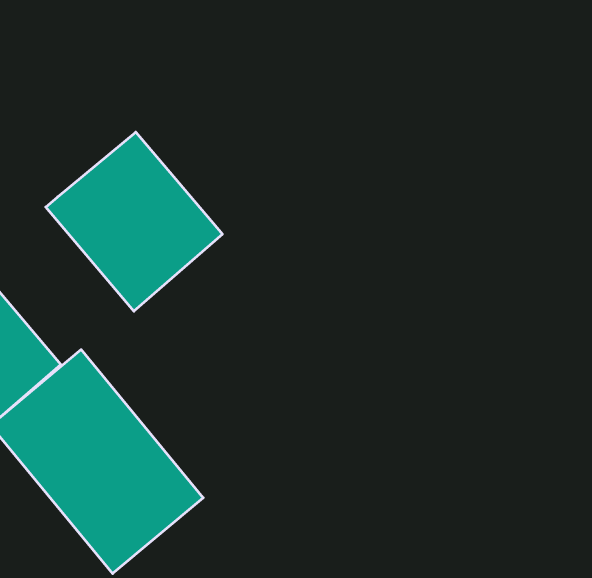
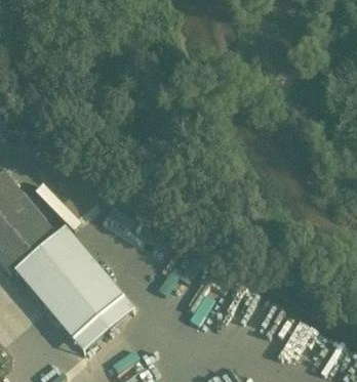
building: [46,132,222,311] -> none

